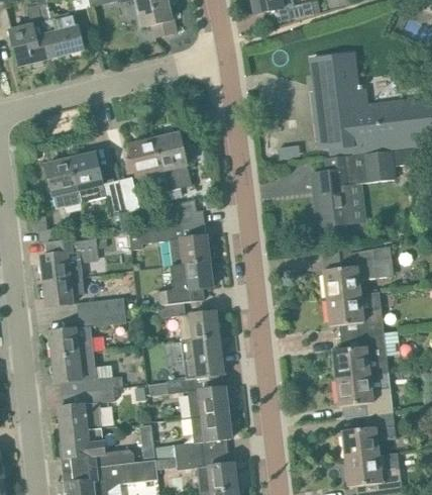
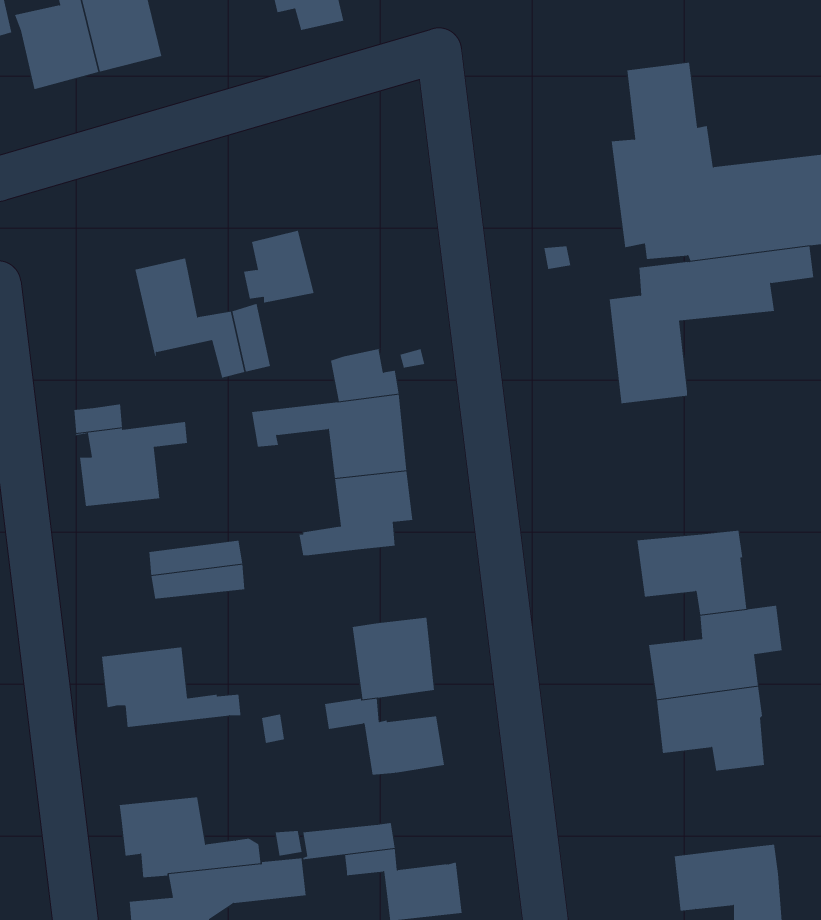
building: [153,132,192,190] -> none
building: [44,158,80,208] -> none
building: [323,245,390,296] -> none
building: [44,275,85,306] -> none
building: [157,301,219,340] -> none
building: [49,325,94,356] -> none
building: [59,386,120,431] -> none
building: [191,411,231,441] -> none
building: [342,411,395,458] -> none

